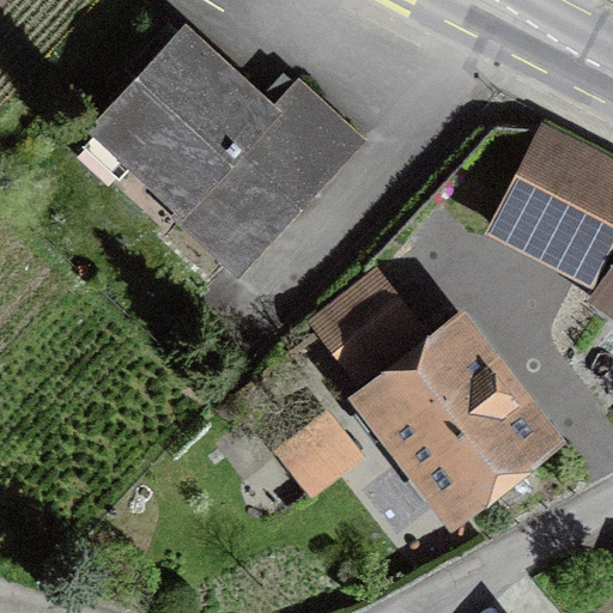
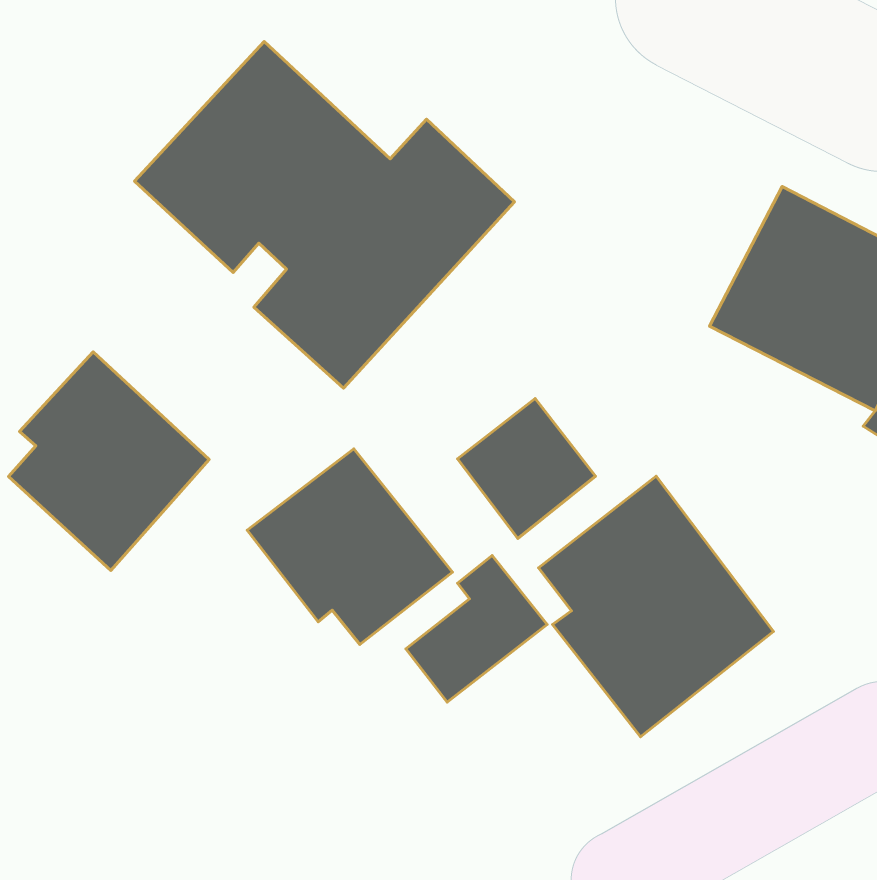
building: none -> [9,352,209,570]
building: none -> [247,449,453,644]

